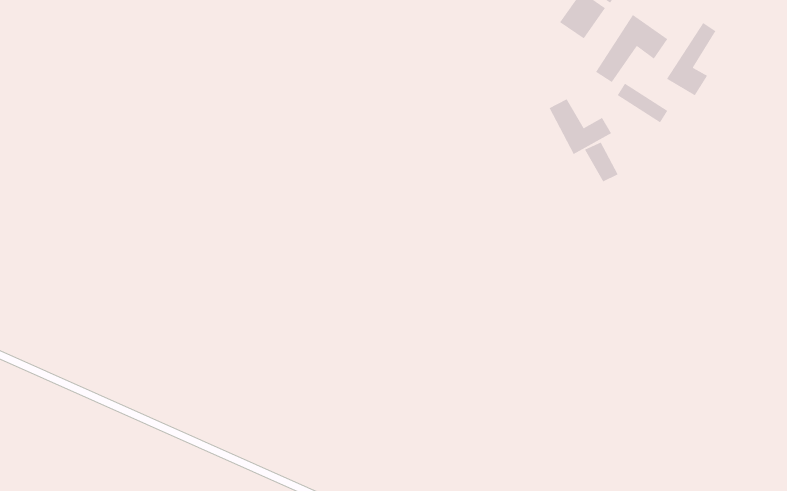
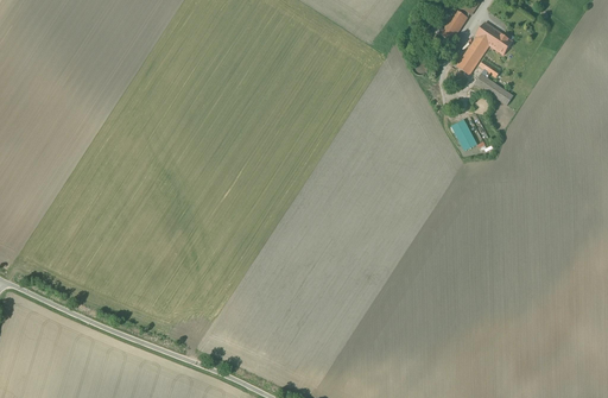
building: [666,22,716,96] -> none
building: [549,98,612,155] -> none

